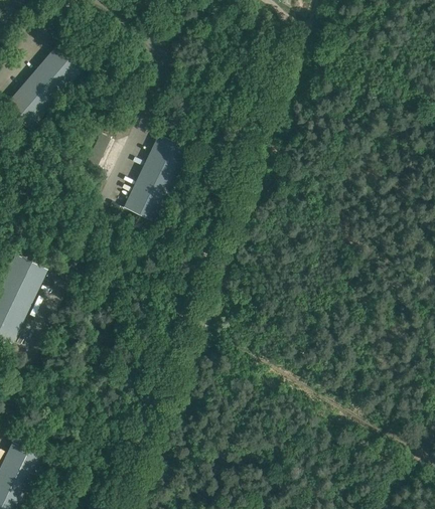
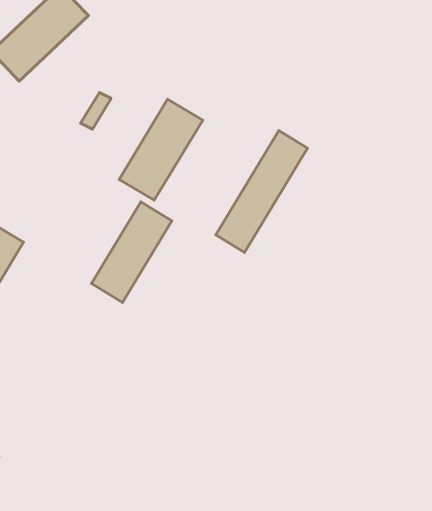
building: none -> [216,131,308,252]
building: none -> [92,202,172,302]

